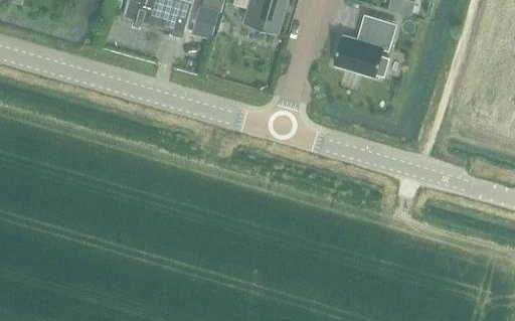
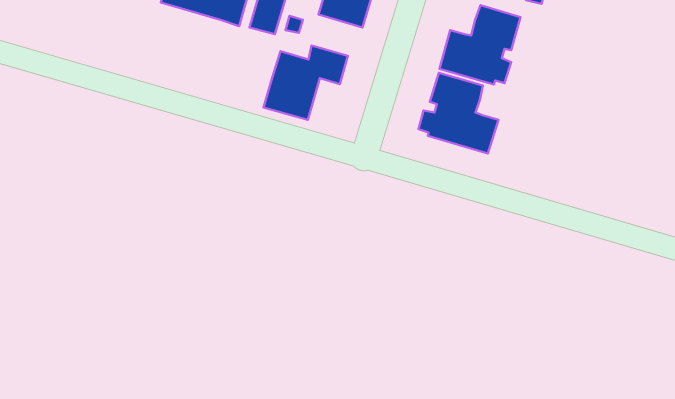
building: none -> [263,45,348,120]
building: none -> [418,73,498,154]

